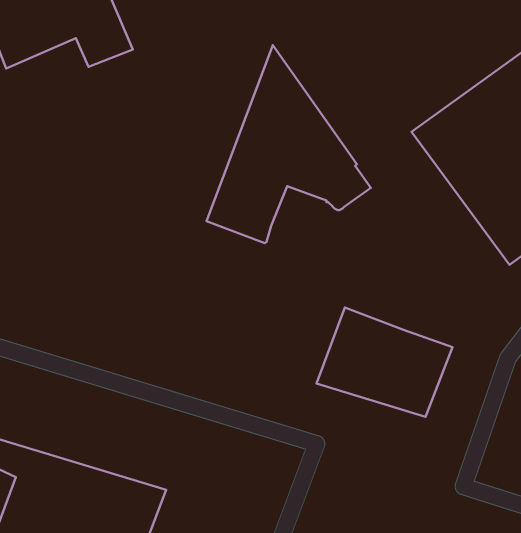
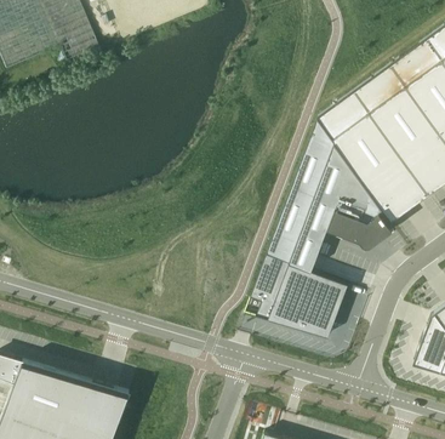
building: [206,45,371,243] -> [266,119,392,270]

